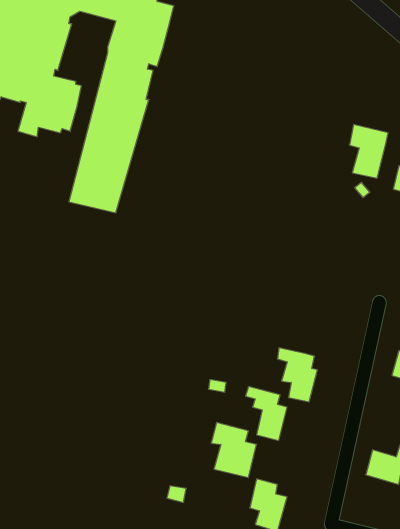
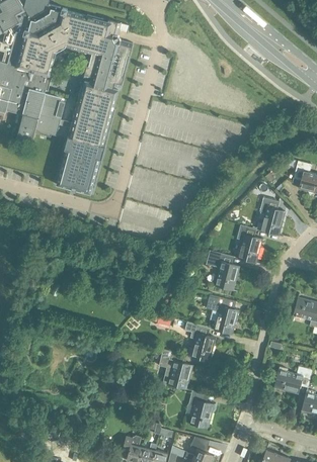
building: [349,124,388,178] -> [258,196,287,236]
building: none -> [237,226,261,263]
building: none -> [207,252,238,290]

